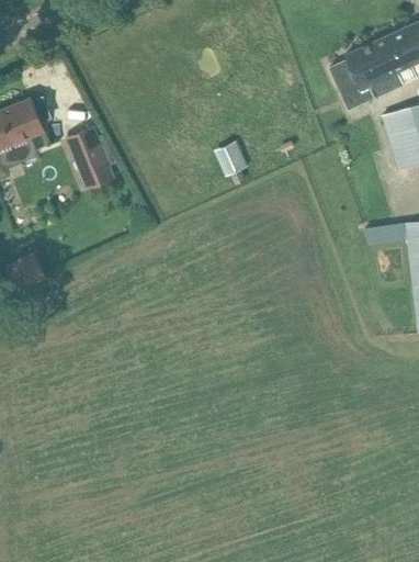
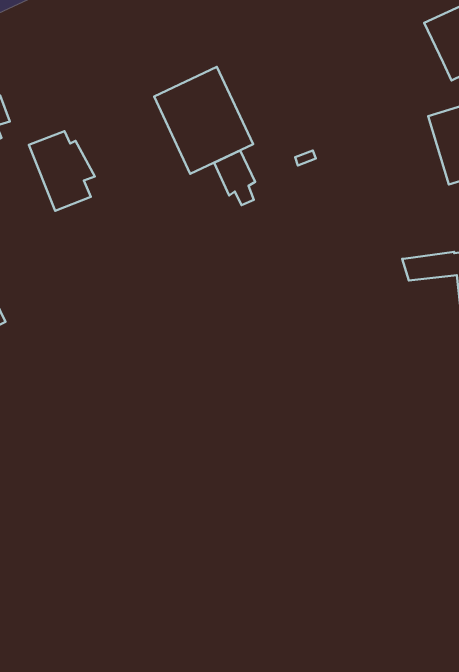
building: [329,40,403,100] -> none
building: none -> [154,67,253,174]

